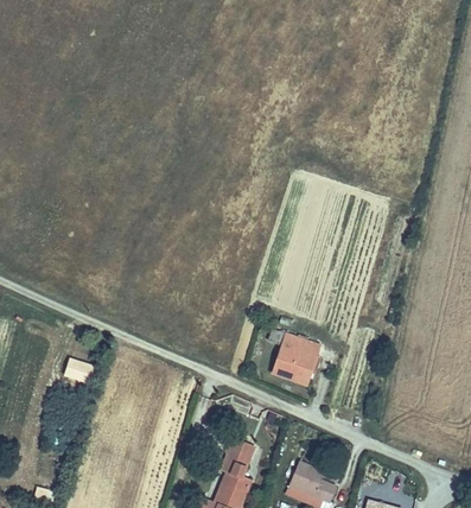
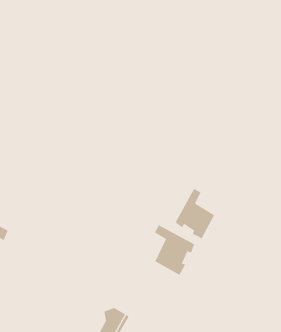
building: none -> [175,188,215,239]

